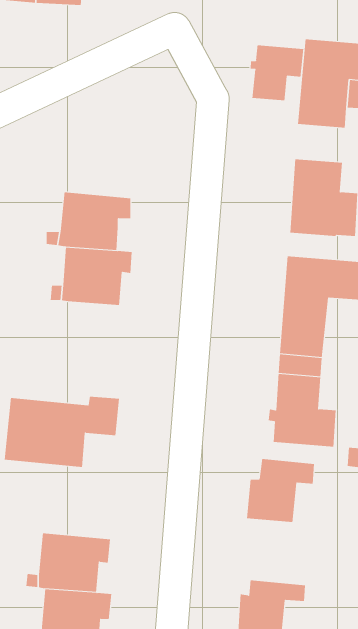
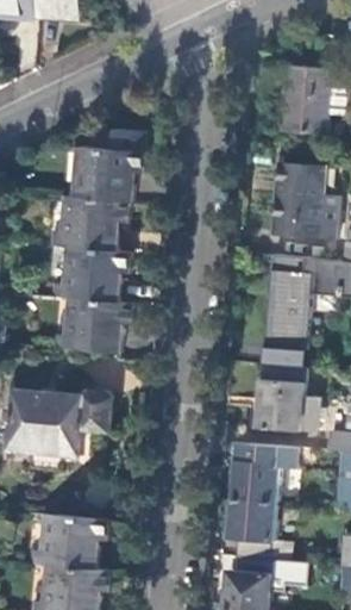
building: [250,44,304,101] -> none
building: none -> [63,127,143,201]
building: none -> [51,298,130,353]
building: none -> [230,500,290,562]

